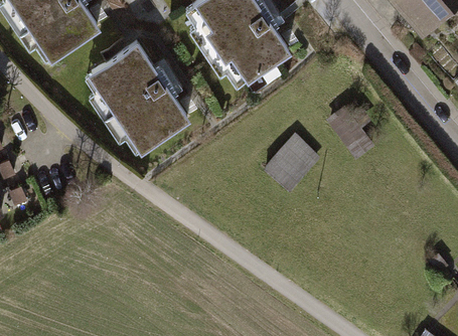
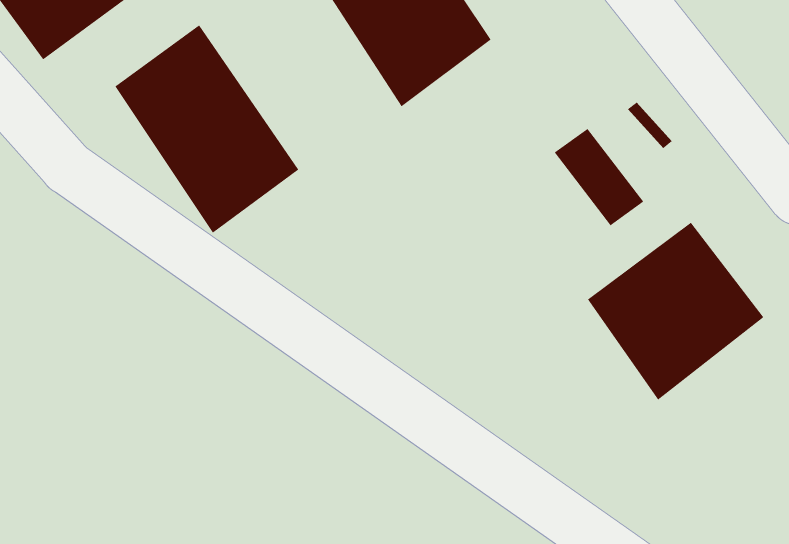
building: [262,127,319,186] -> none
building: none -> [587,222,764,400]

